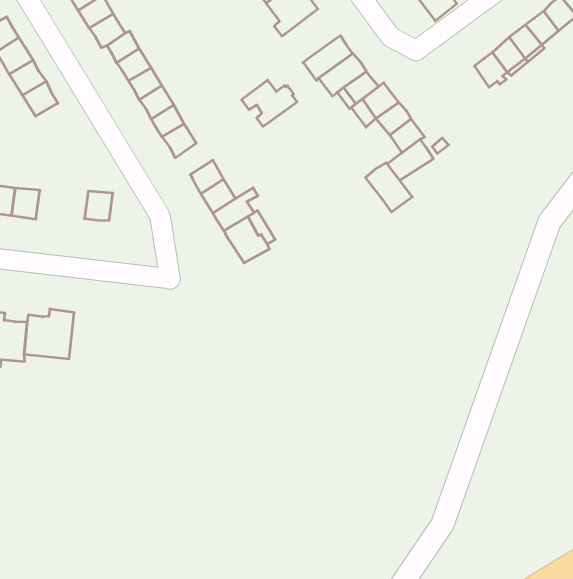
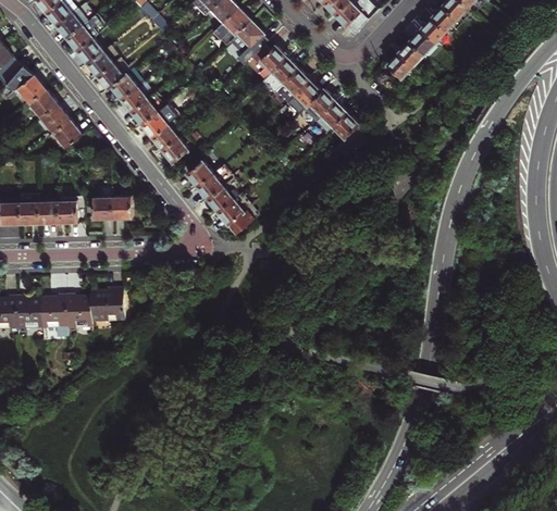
building: [242,80,297,126] -> [243,41,284,76]
building: [366,163,412,212] -> none
building: none -> [92,186,113,216]

